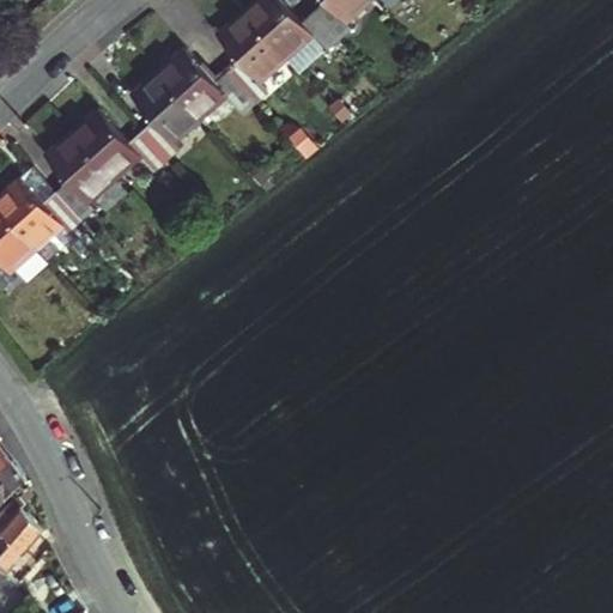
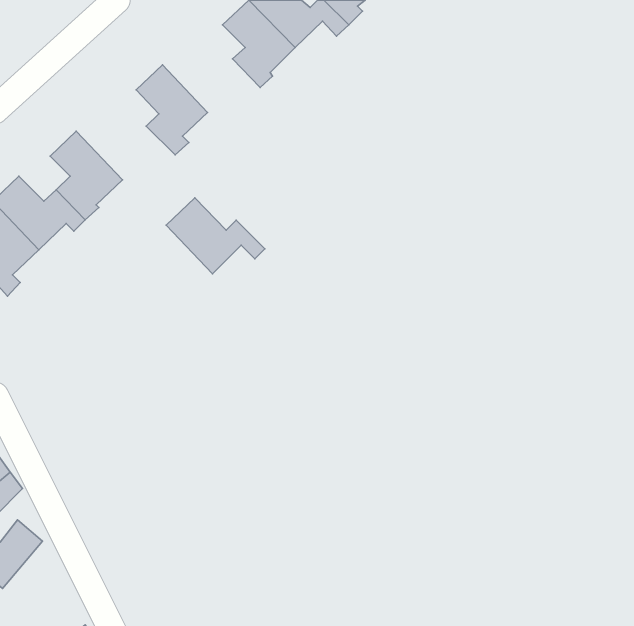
building: [156,49,249,120] -> none
building: [73,111,168,184] -> [166,198,265,274]

